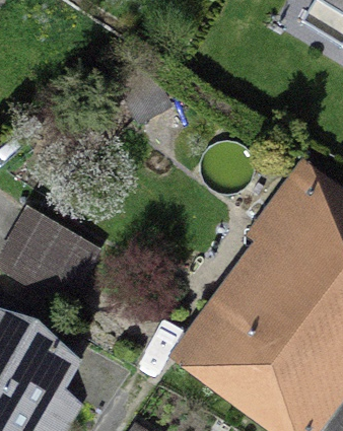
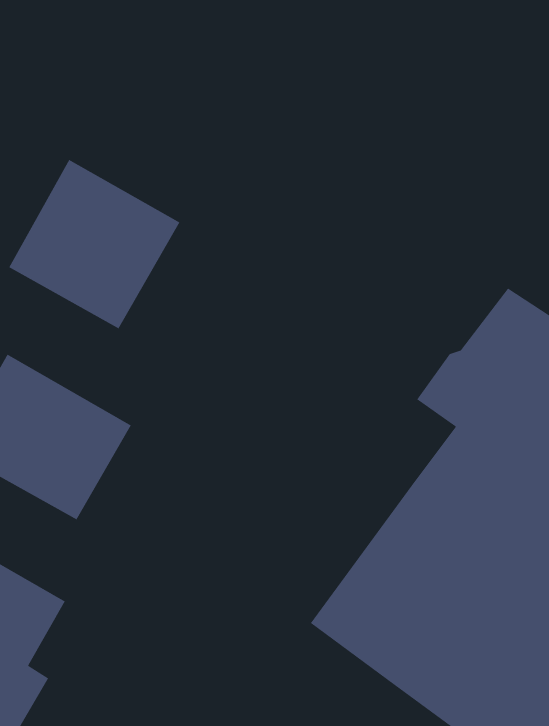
building: none -> [8,159,181,329]

